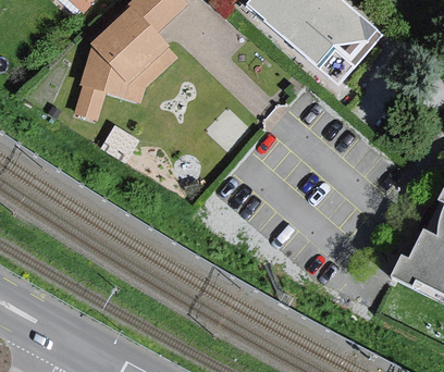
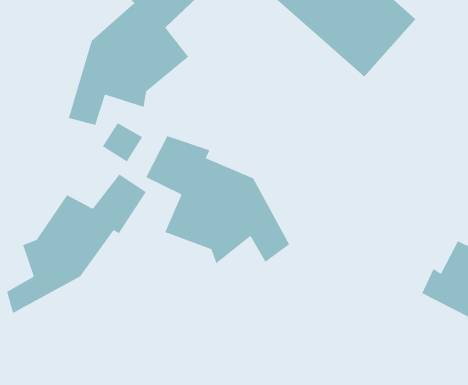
building: none -> [145,135,290,264]
building: none -> [6,173,147,314]

